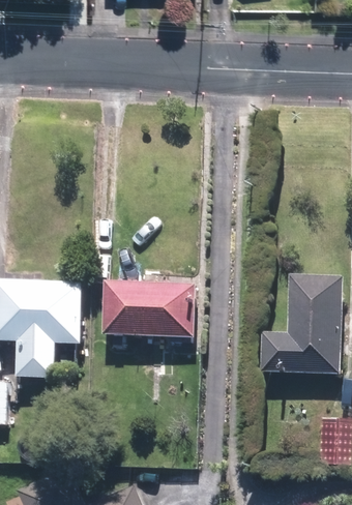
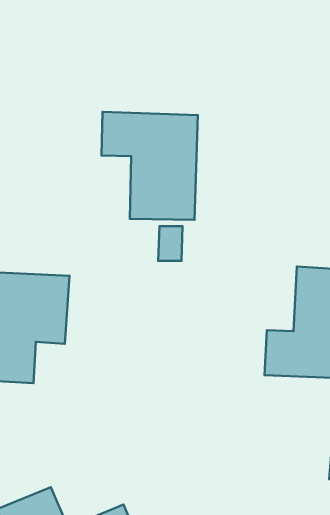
building: none -> [102,112,198,220]
building: [101,278,196,336] -> none

